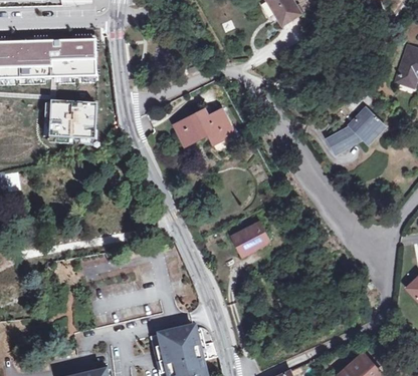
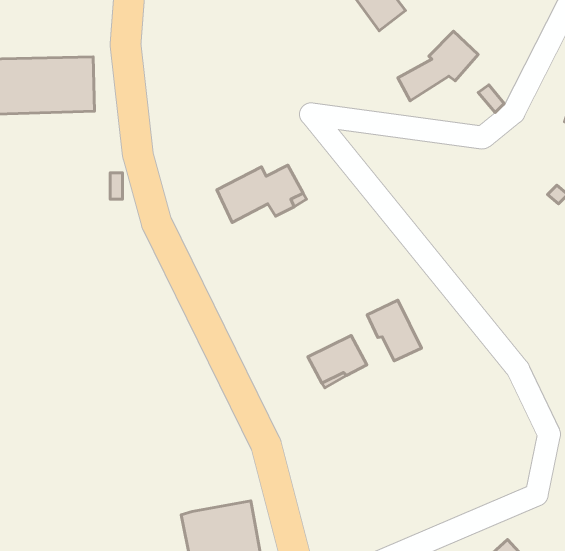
building: [47,101,95,139] -> none
building: [330,109,382,154] -> [398,31,478,101]
building: none -> [367,300,422,361]

